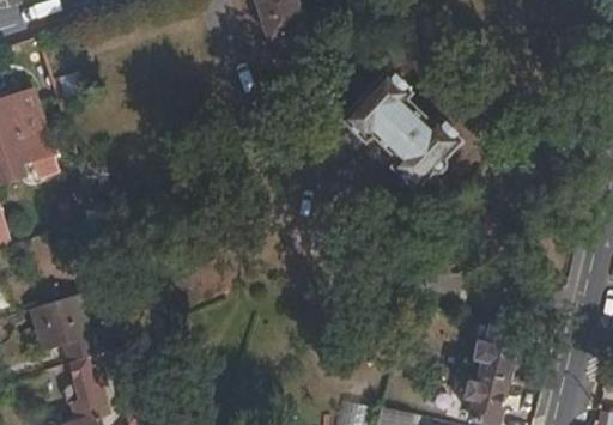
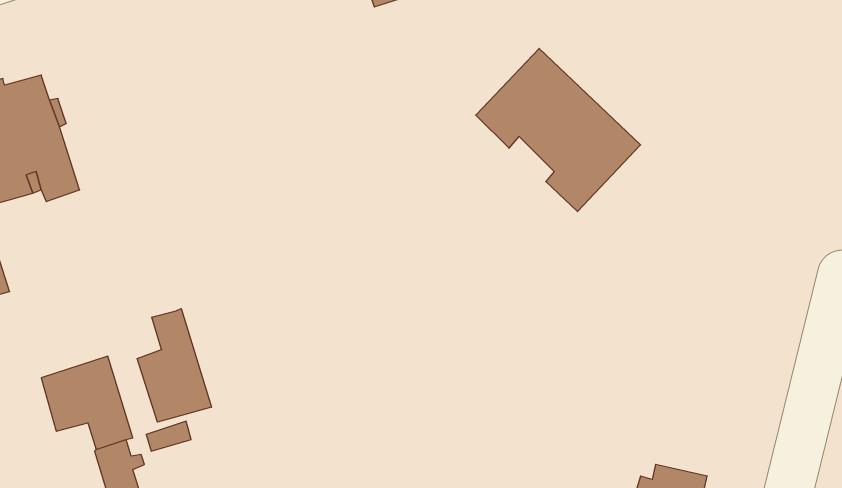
building: none -> [137,309,211,422]
building: [465,326,521,381] -> none

